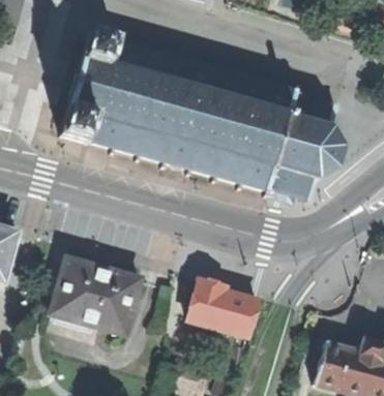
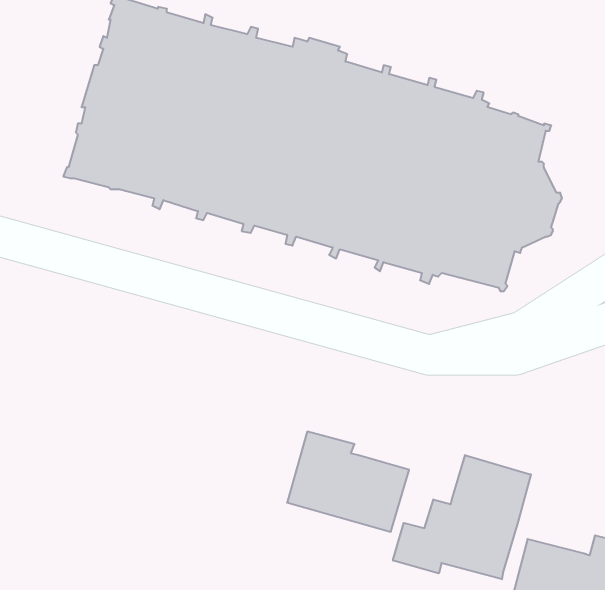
building: [51,258,140,334] -> none
building: none -> [393,455,531,579]

